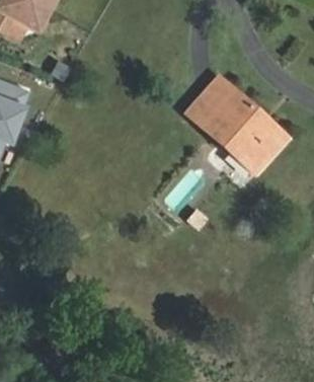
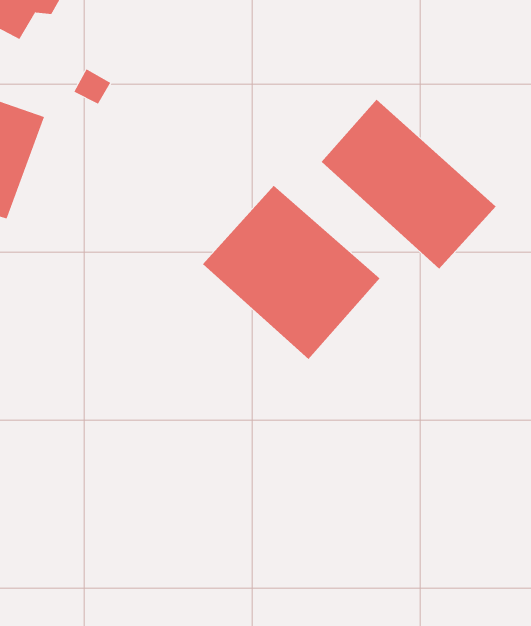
building: none -> [202,185,380,360]

